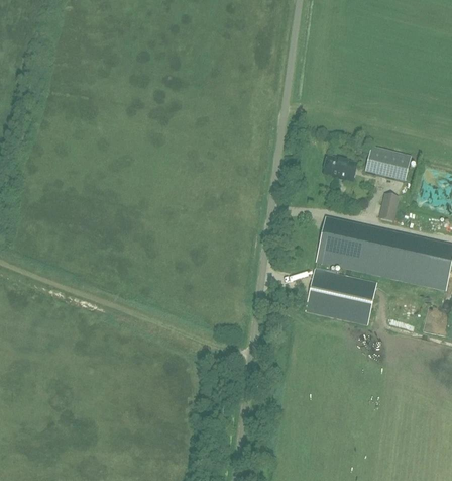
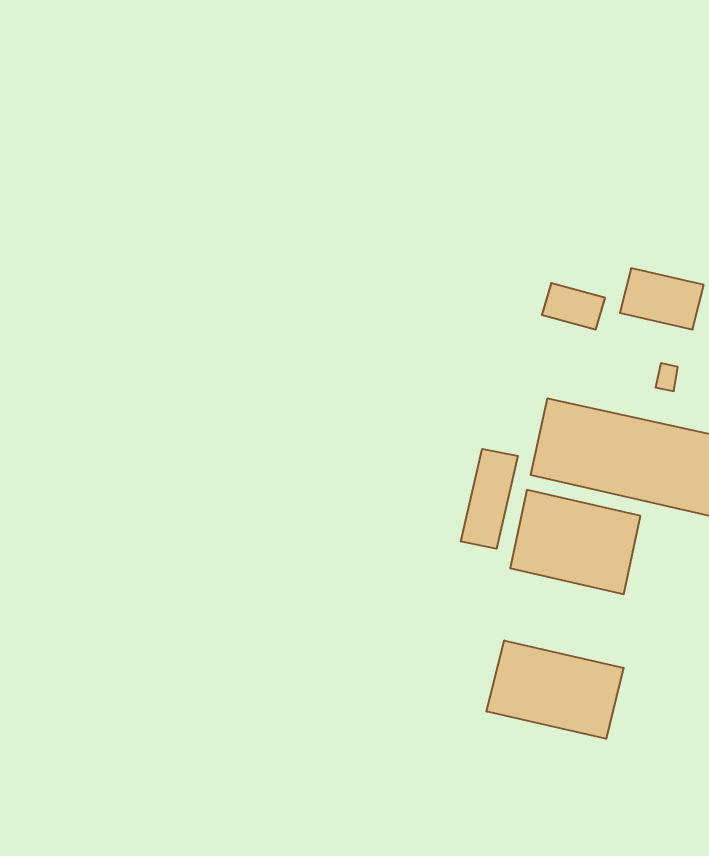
building: none -> [461,449,518,549]
building: none -> [487,640,624,739]

